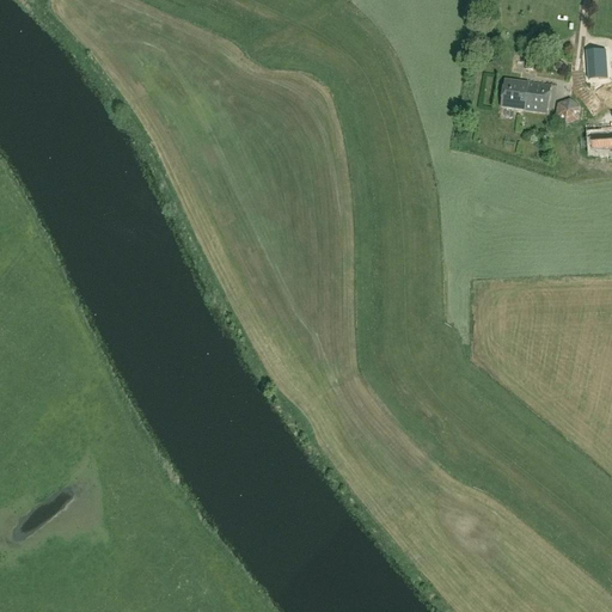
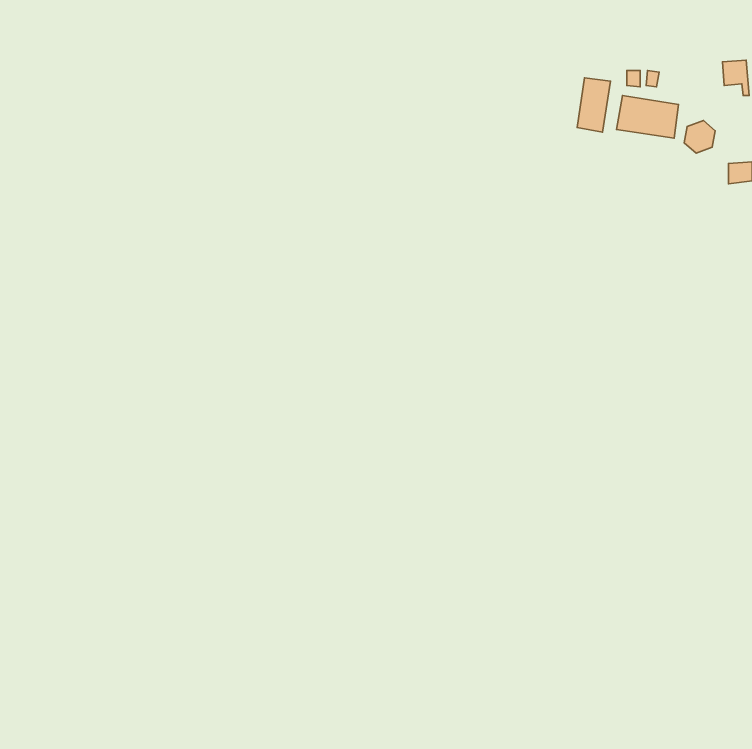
building: none -> [577,78,610,132]

